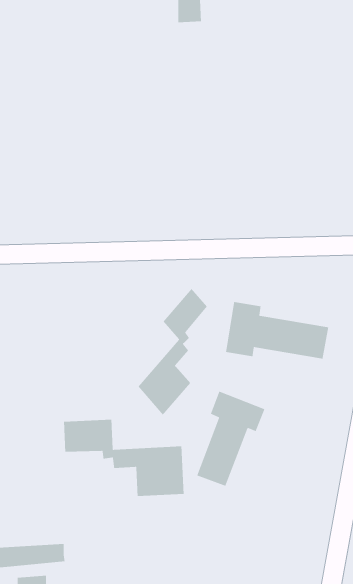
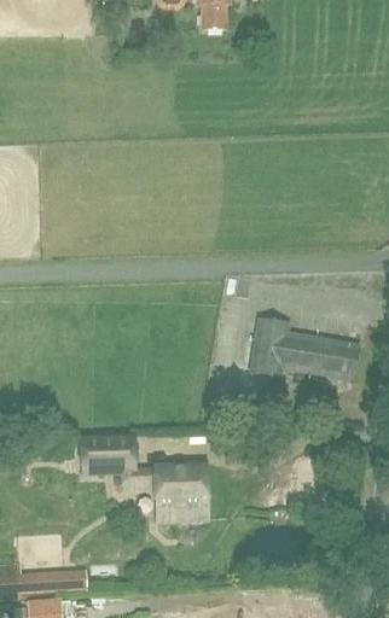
building: [137,288,208,416] -> none
building: [196,391,265,487] -> none

